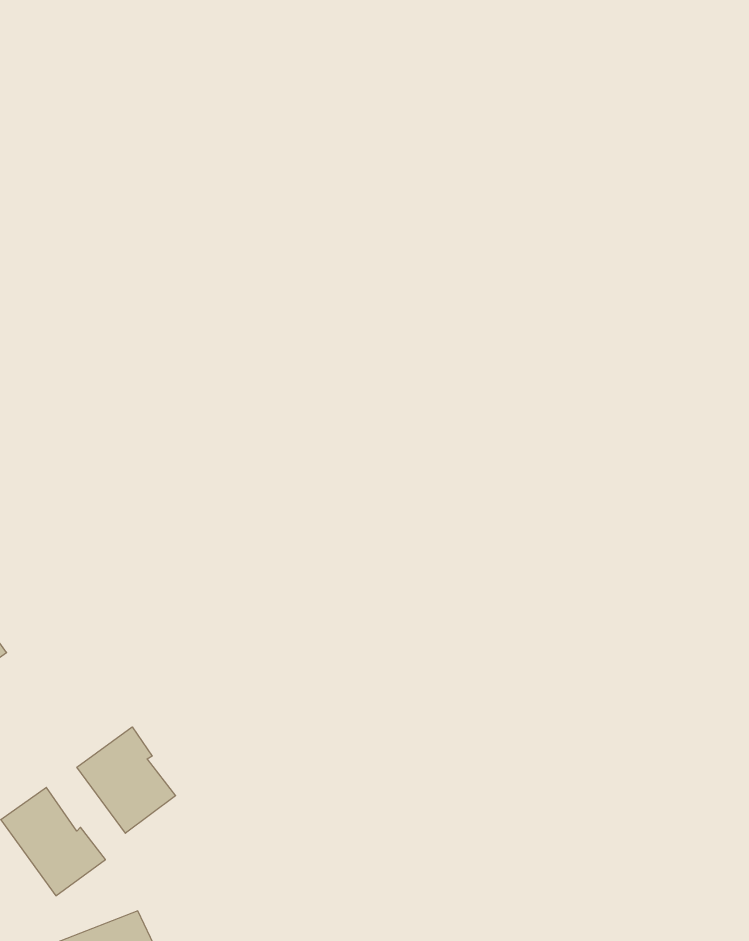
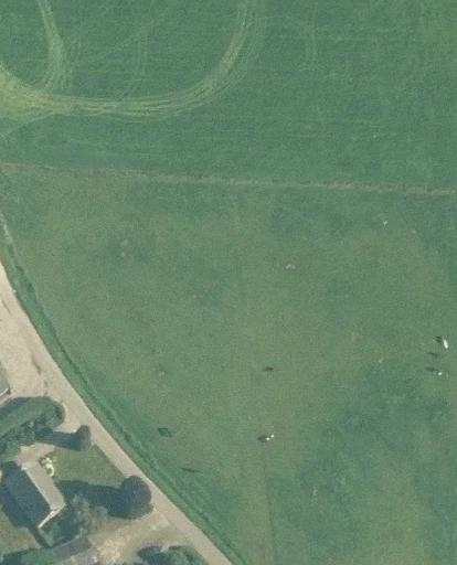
building: [77,727,176,833] -> none

